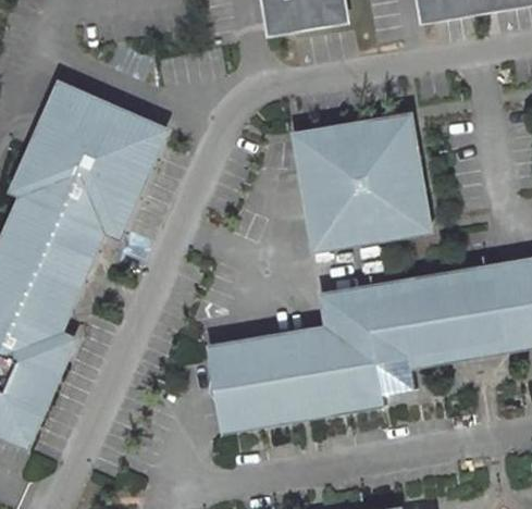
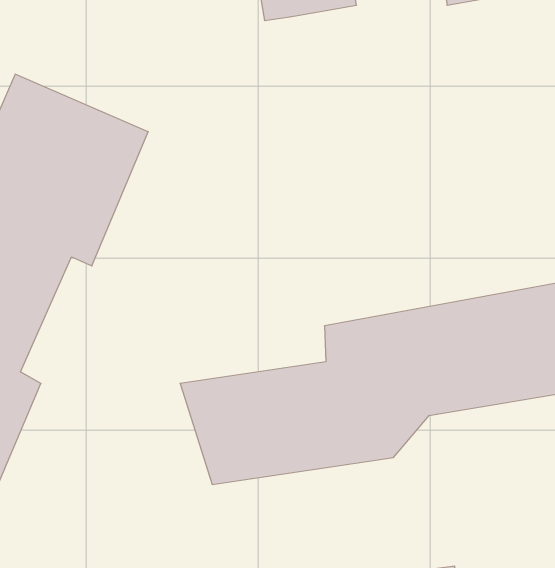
building: [294,117,432,250] -> none

